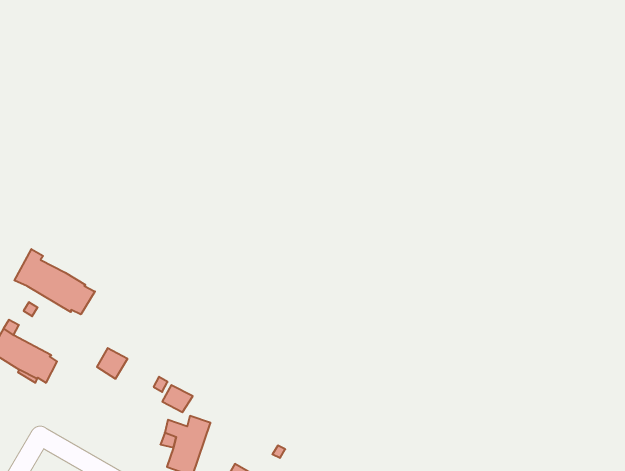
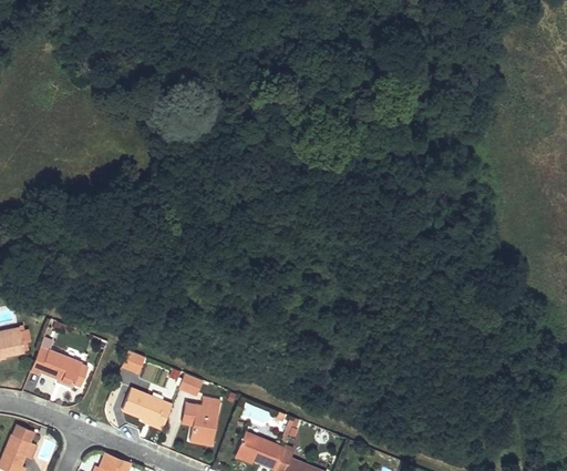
building: [14,249,95,314] -> none
building: none -> [122,388,172,429]

